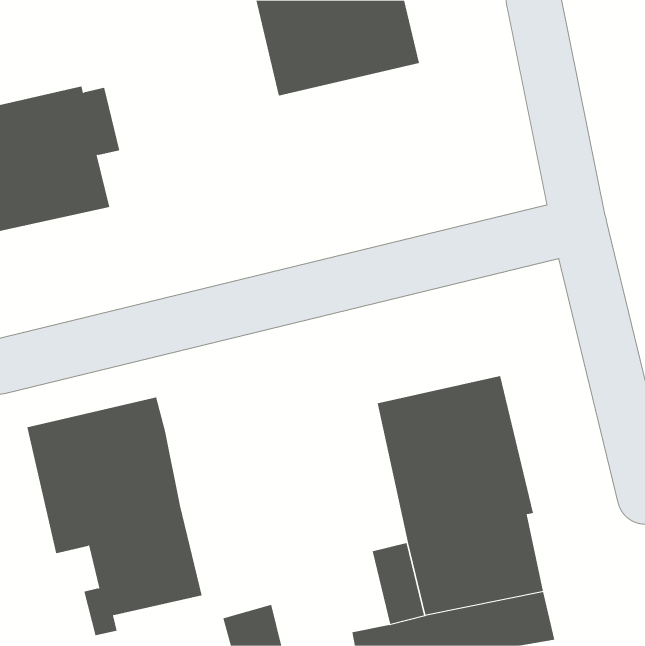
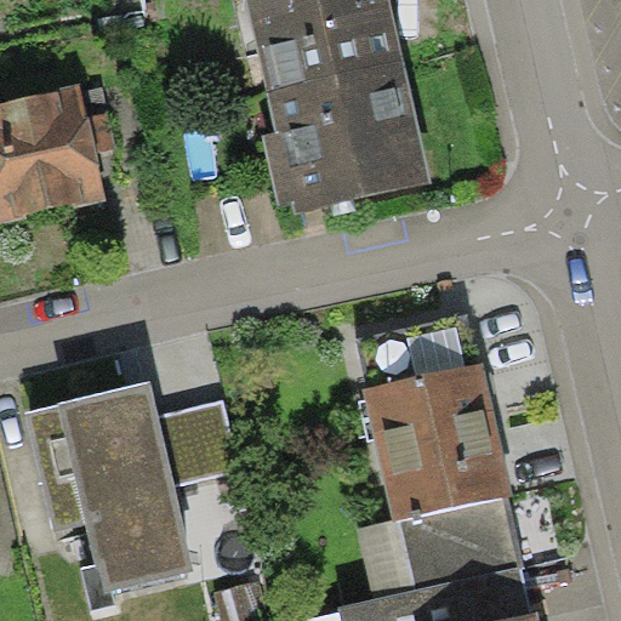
building: none -> [263,61,431,213]
building: none -> [159,400,238,485]

